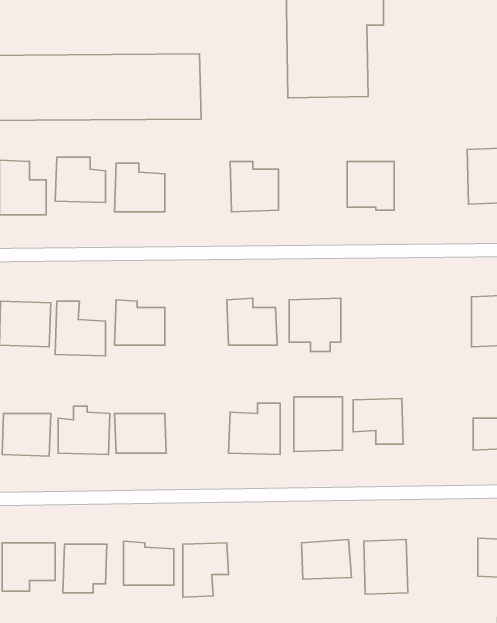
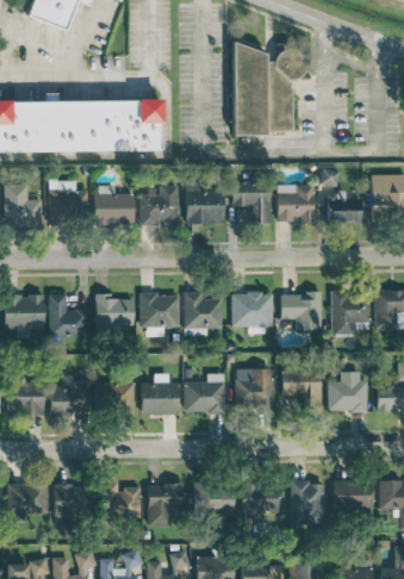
building: none -> [322,170,361,223]
building: none -> [232,181,271,224]
building: none -> [142,186,179,225]
building: none -> [280,293,322,330]
building: none -> [331,293,371,335]
building: none -> [141,294,180,328]
building: none -> [329,372,366,412]
building: none -> [143,374,179,415]
building: none -> [334,480,374,510]
building: none -> [194,484,235,517]

